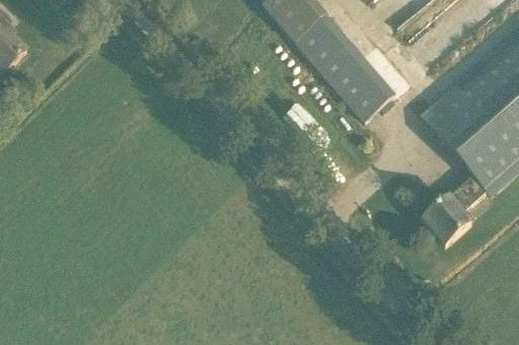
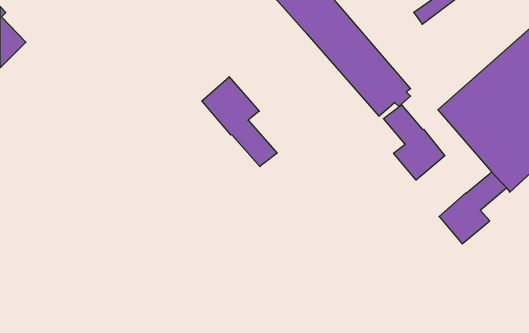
building: none -> [202,77,277,167]
building: none -> [383,105,445,180]

